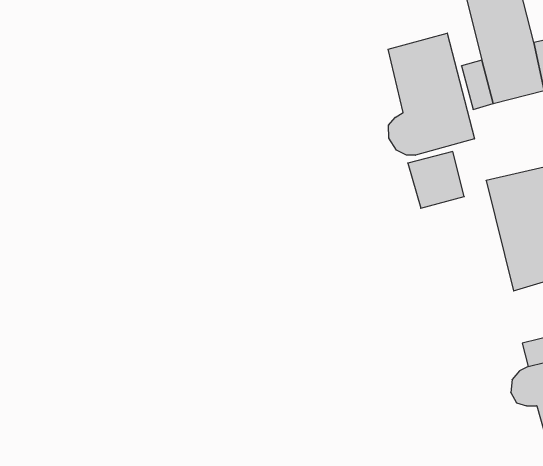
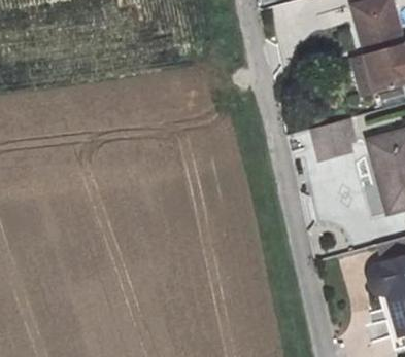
building: [388,33,474,155] -> none

